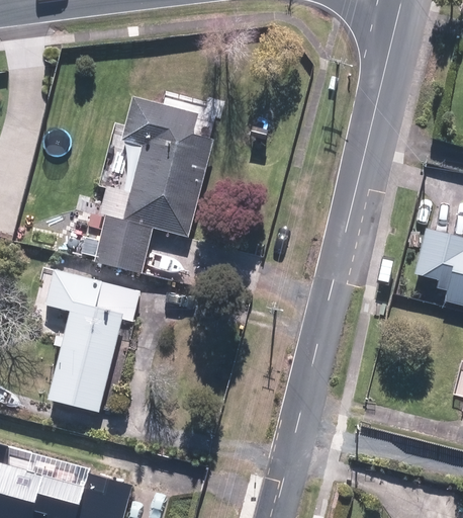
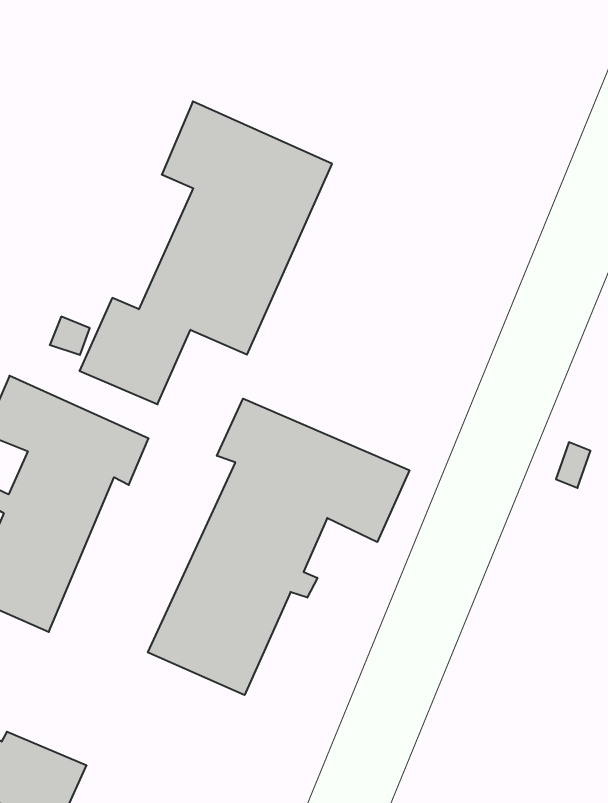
building: none -> [148,399,409,695]

